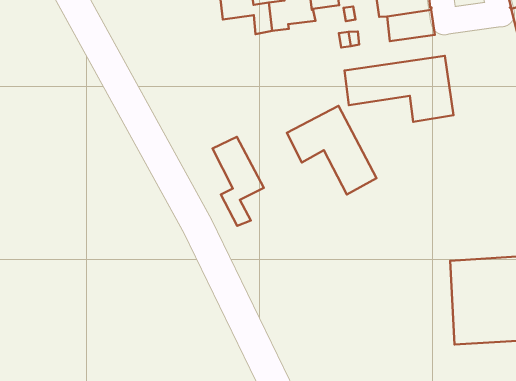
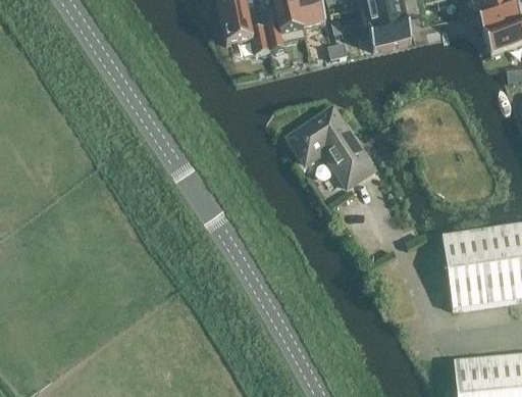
building: [344,56,454,122] -> none
building: [213,137,264,226] -> none

